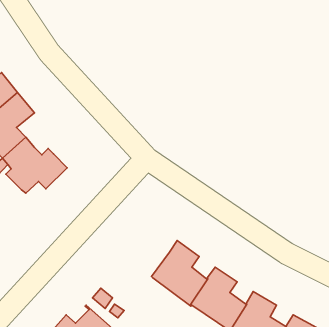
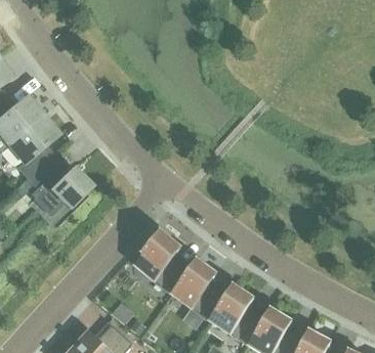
building: none -> [134,229,189,294]

